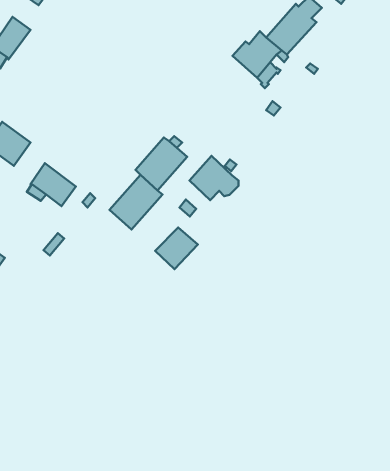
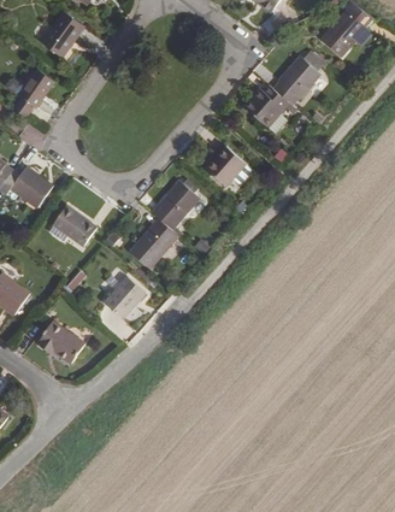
building: [189,156,239,200] -> [205,146,250,187]
building: [155,228,198,269] -> [106,277,146,316]
building: none -> [36,319,84,363]

